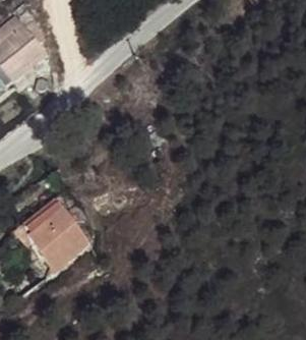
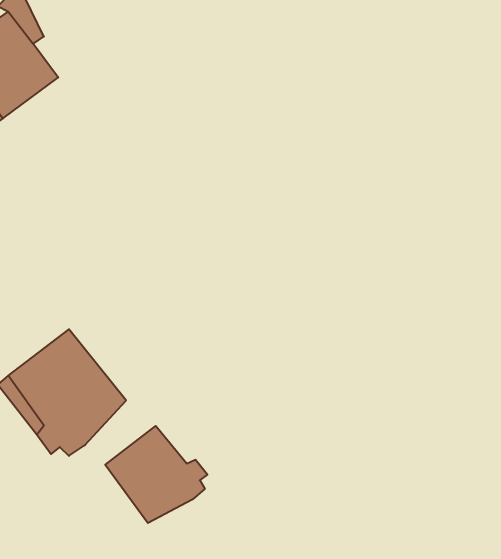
building: none -> [105,426,207,523]

